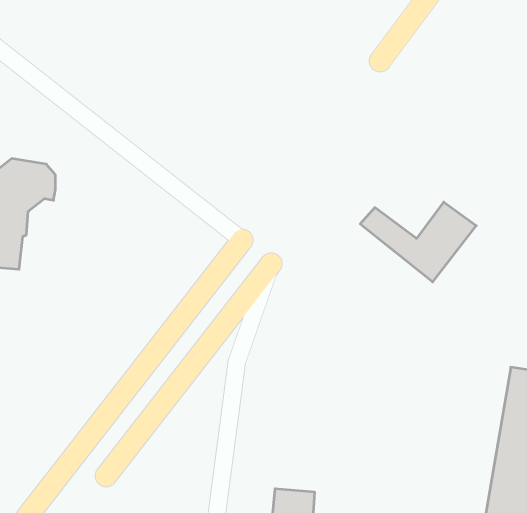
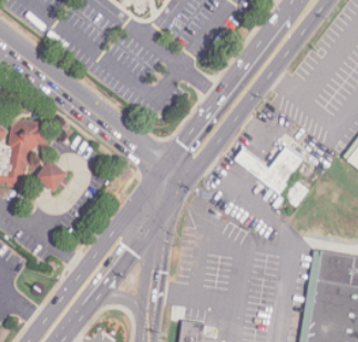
building: none -> [37,160,68,191]

